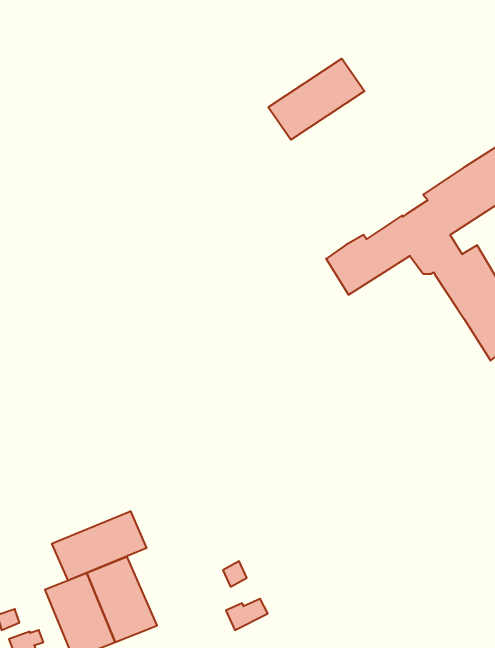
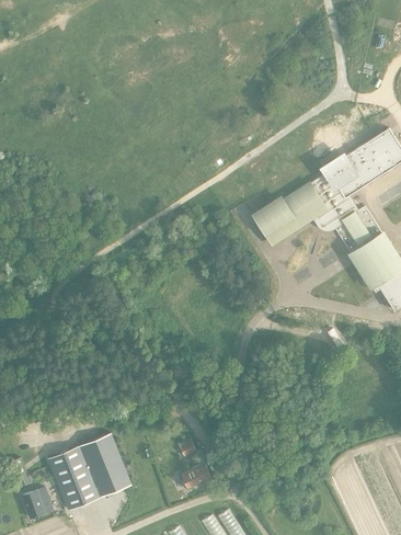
building: [268,59,364,140] -> none
building: [52,511,147,581] -> none

